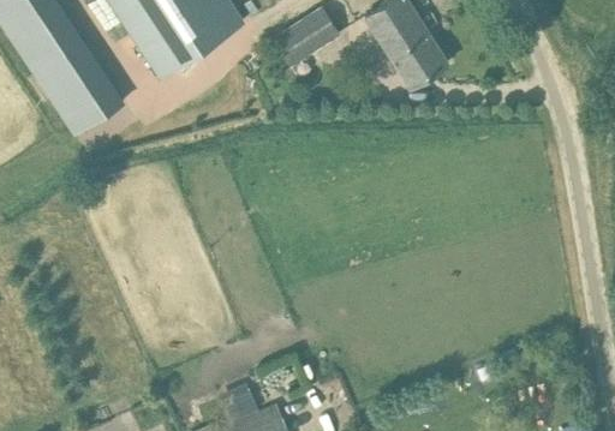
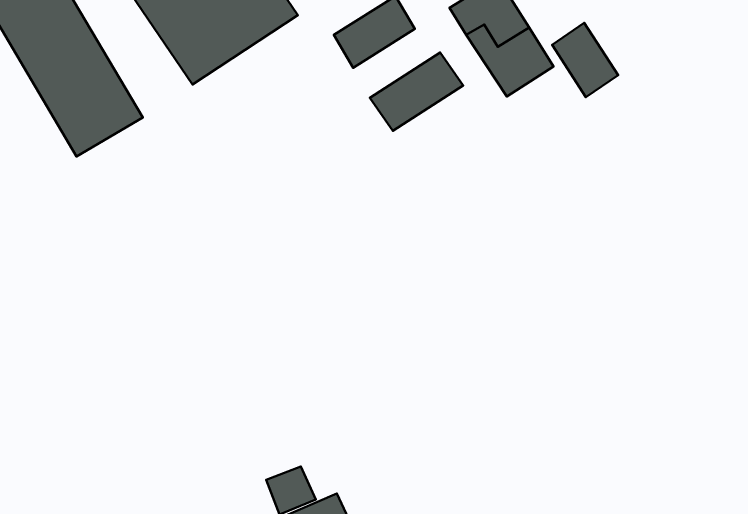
building: none -> [552,23,618,97]
building: none -> [370,52,463,131]

